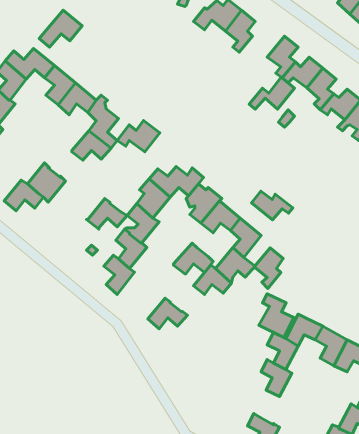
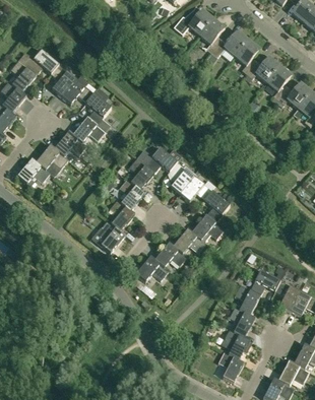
building: [39,10,82,47] -> none
building: [249,77,295,109] -> [211,30,249,57]
building: [117,120,160,152] -> none
building: [251,191,293,220] -> none
building: [86,198,127,229] -> [54,131,87,156]
building: [174,243,213,274] -> [154,242,187,267]
building: [254,248,283,288] -> none
building: [259,294,294,338] -> none
building: none -> [222,329,253,360]

